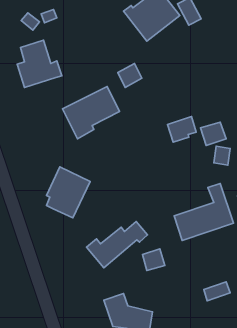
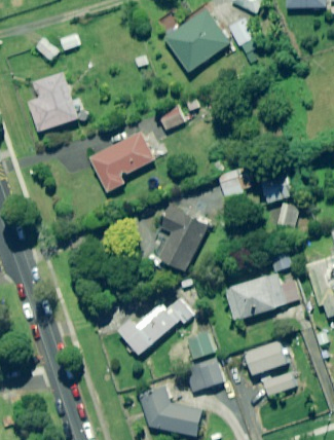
building: [46,167,90,218] -> [152,207,207,270]
building: none -> [238,340,287,374]
building: none -> [184,358,224,392]

